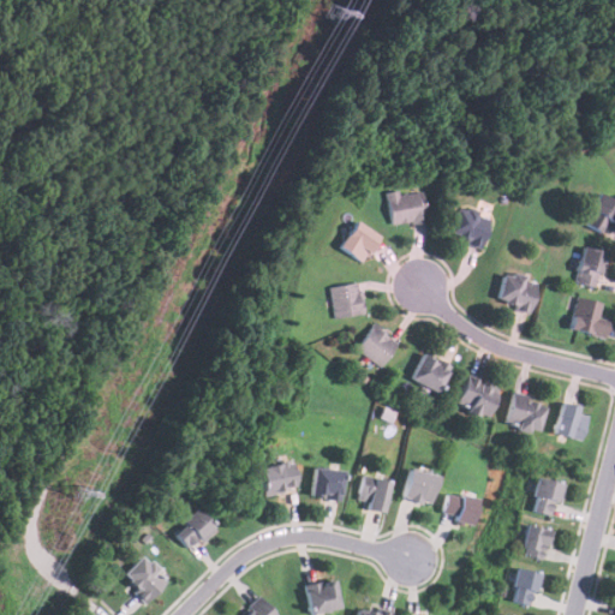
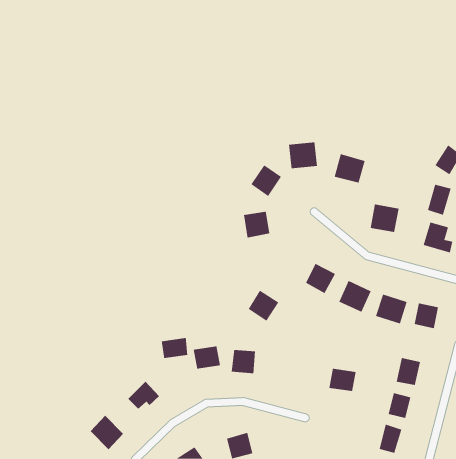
building: [358,324,400,366] -> [248,290,279,321]
building: none -> [161,337,188,359]
building: [404,468,440,504] -> none
building: [359,476,393,513] -> none

